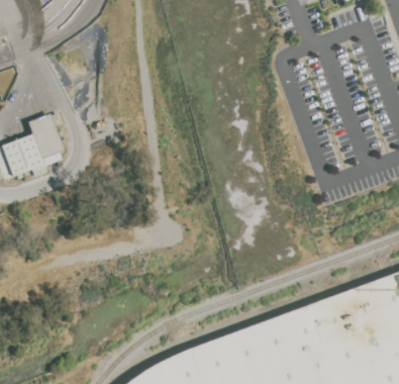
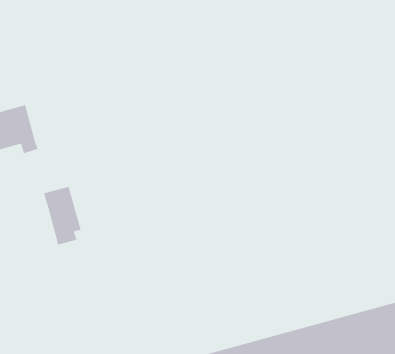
building: [30,113,67,166] -> [43,186,82,245]

